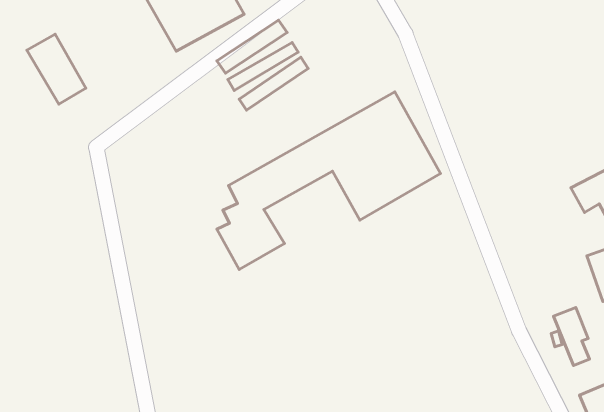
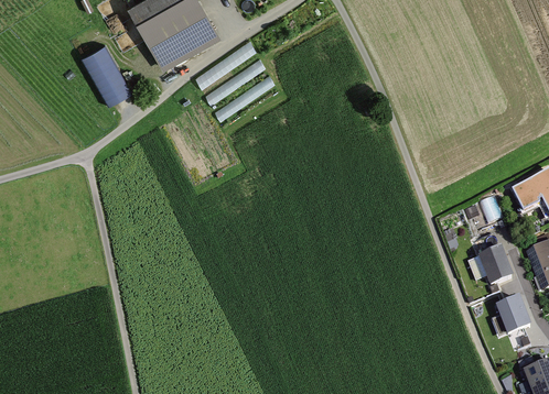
building: [27,34,86,104] -> [78,40,131,102]
building: [217,92,440,270] -> none
building: none -> [472,249,510,288]

